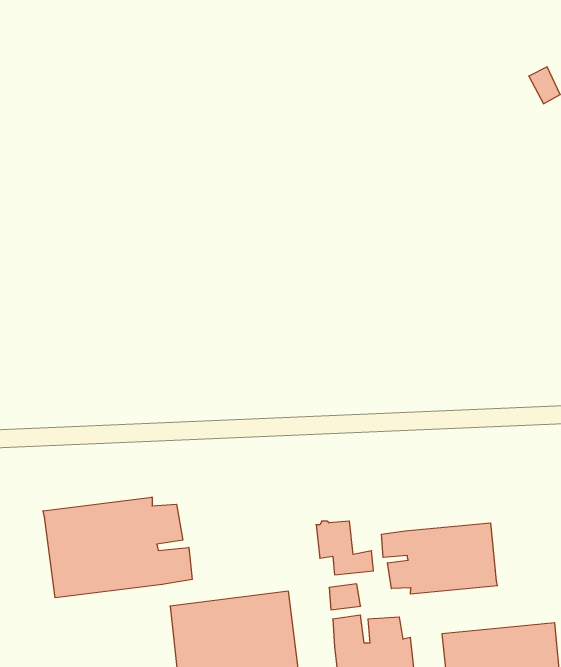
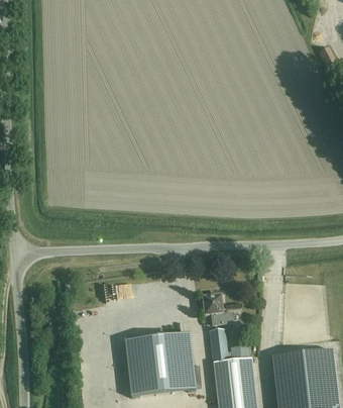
building: [43,497,192,598] -> none
building: [381,523,497,594] -> none

